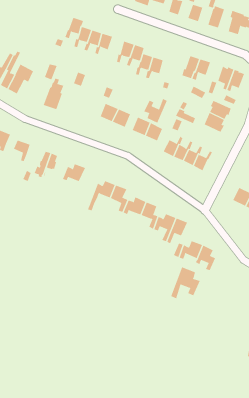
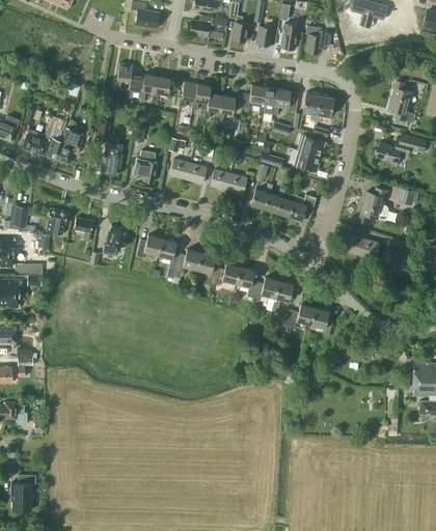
building: none -> [241,84,265,110]
building: none -> [133,149,157,181]
building: [143,98,167,123] -> none
building: none -> [157,237,179,281]
building: [170,266,201,299] -> none

